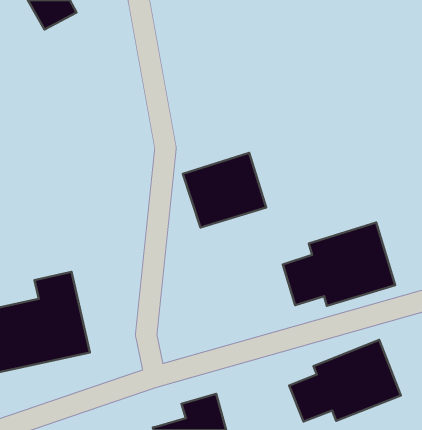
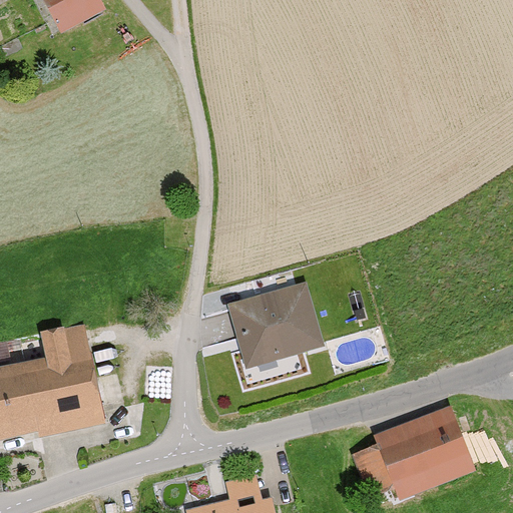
building: [183,153,266,228] -> [225,280,325,369]
building: [283,222,395,306] -> none

